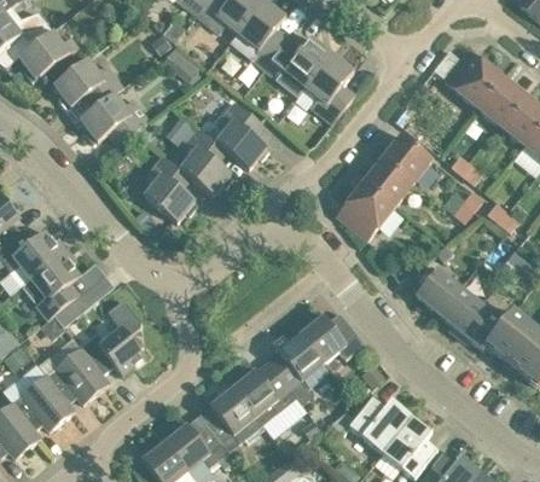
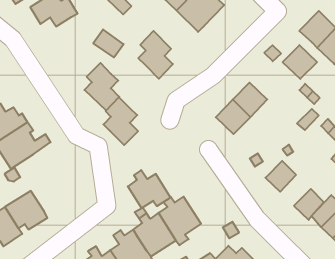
building: [306,54,355,123] -> none
building: [80,93,150,145] -> none
building: [180,128,231,196] -> [103,97,138,145]
building: [379,135,429,184] -> [283,45,317,79]
building: [439,288,482,332] -> none
building: [81,298,146,376] -> none
building: [301,309,364,364] -> [128,170,171,208]

